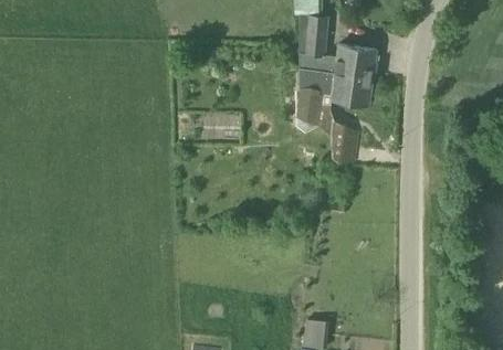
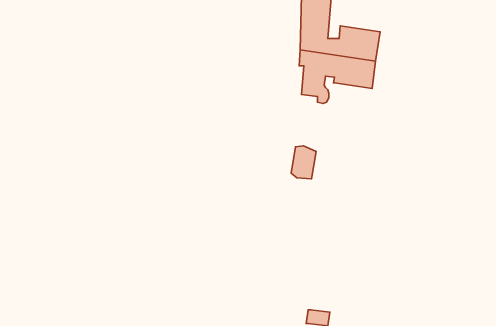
building: [334,129,358,161] -> [291,146,316,179]

